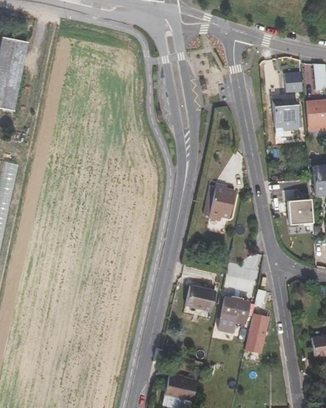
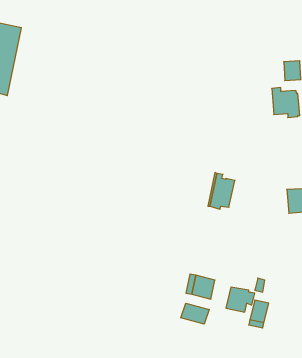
building: none -> [181,303,209,324]

